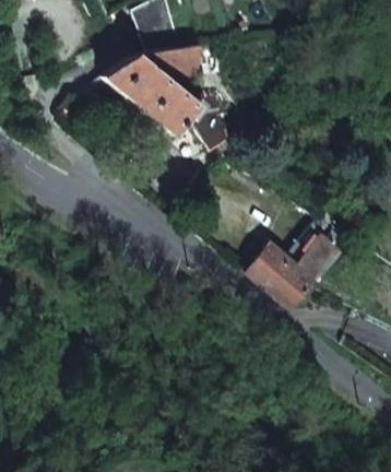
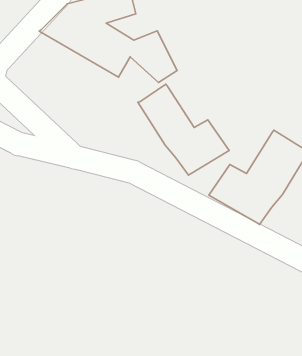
building: none -> [138,84,229,175]

